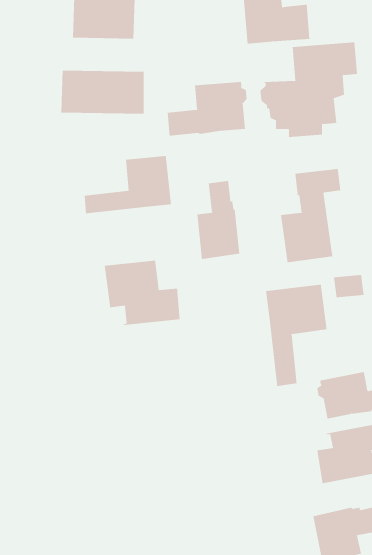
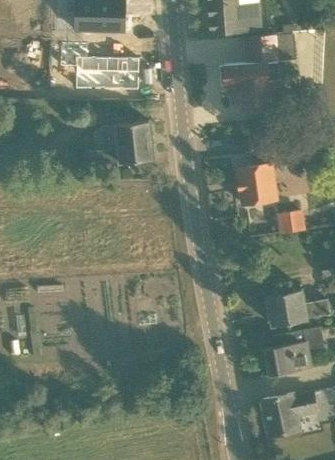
building: [167,81,247,136] -> none
building: [197,180,240,260] -> none
building: [104,260,180,326] -> none
building: [266,284,327,387] -> none

